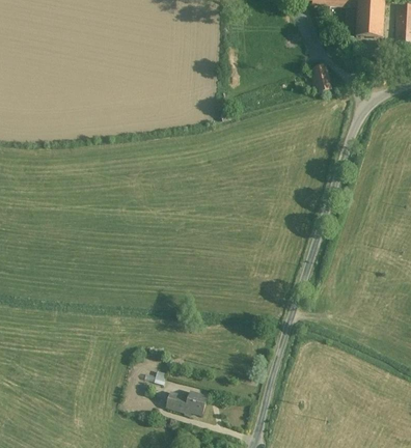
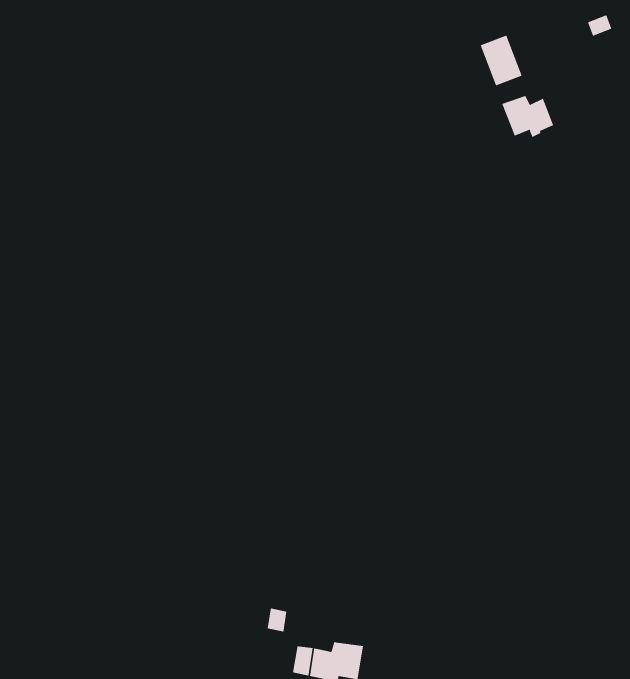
building: none -> [502,95,554,138]

